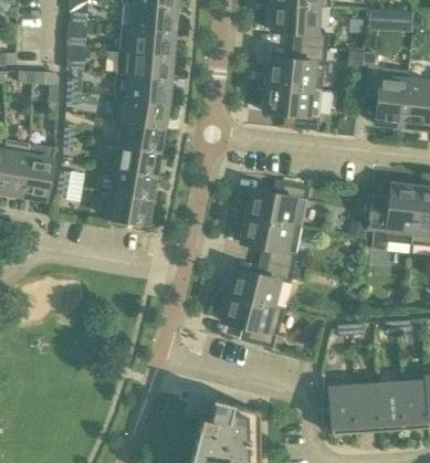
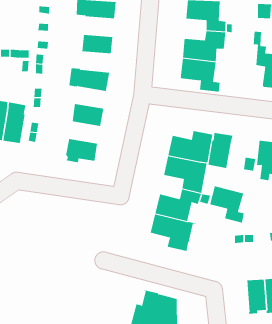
building: [120,24,175,54] -> none
building: [113,73,170,103] -> none
building: [119,122,164,151] -> none
building: [112,169,156,199] -> none
building: none -> [208,132,233,169]
building: none -> [210,186,244,224]
building: [323,385,357,433] -> none

